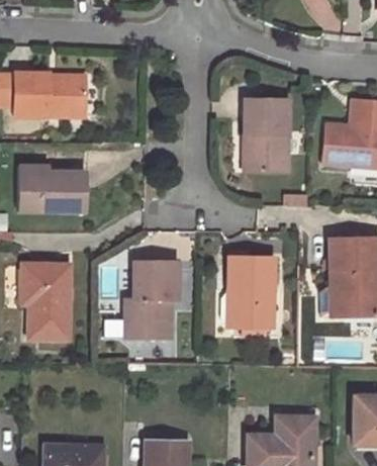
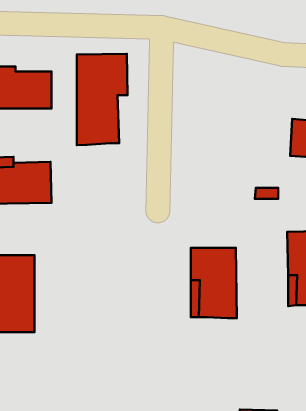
building: none -> [77,54,127,145]
building: [238,100,282,171] -> none
building: [124,263,177,341] -> none

